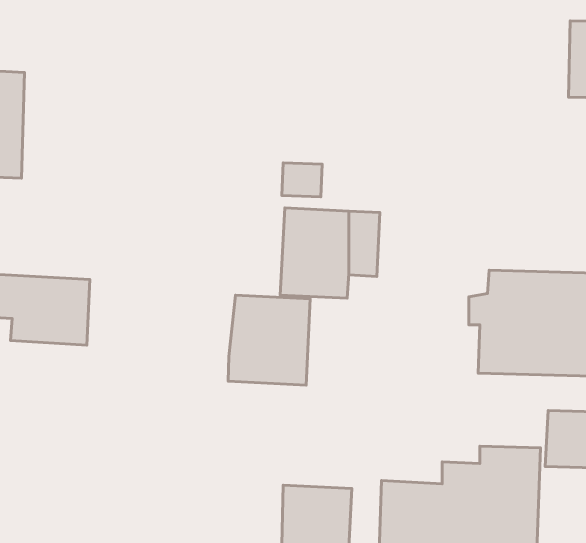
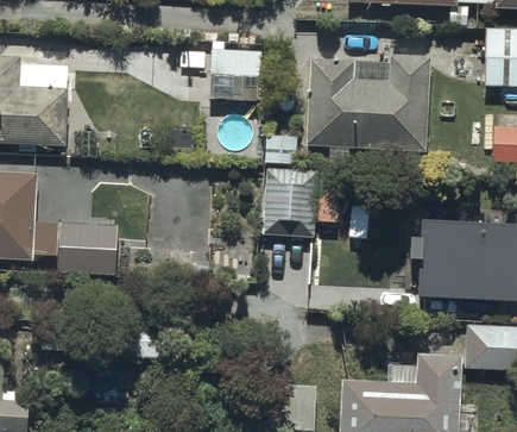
building: none -> [209,49,261,101]
building: none -> [308,54,429,151]
building: [228,295,310,385] -> none

